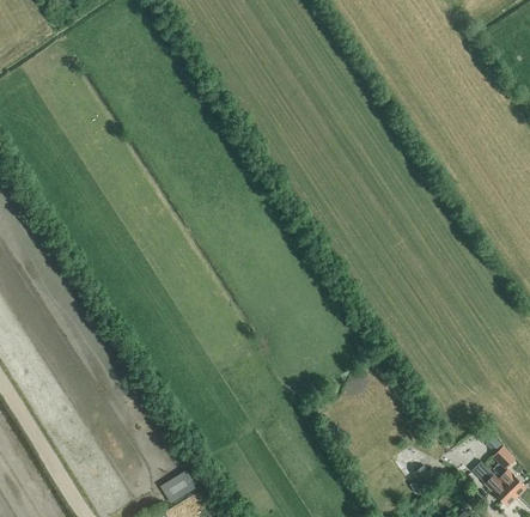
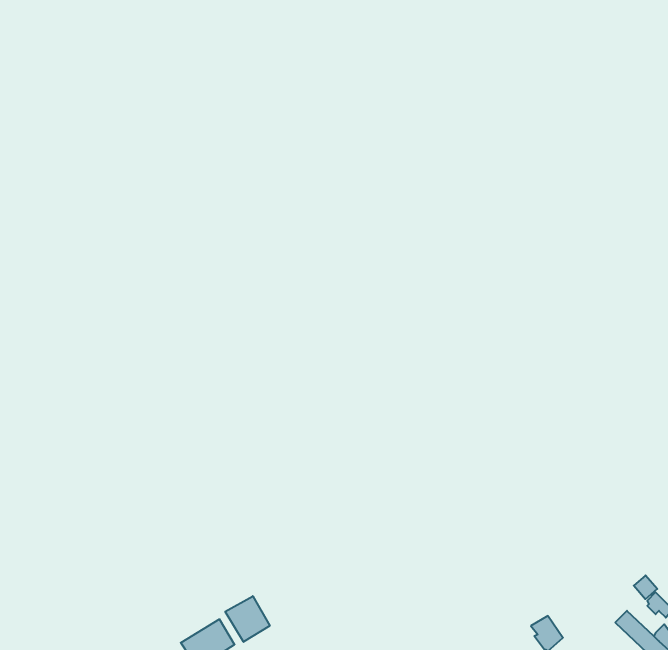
building: none -> [225,596,270,642]

